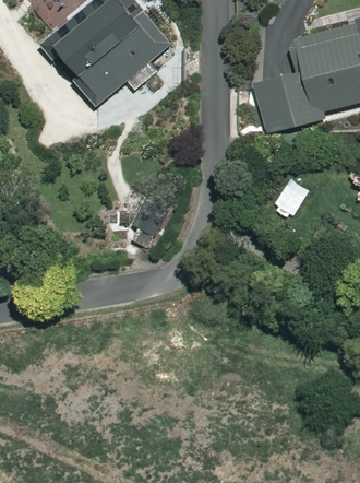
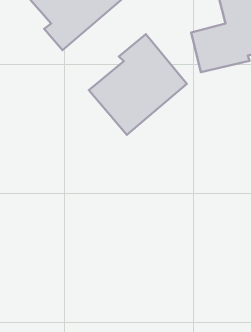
building: none -> [89,34,187,135]

